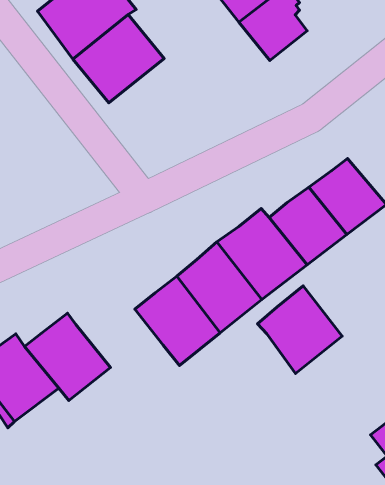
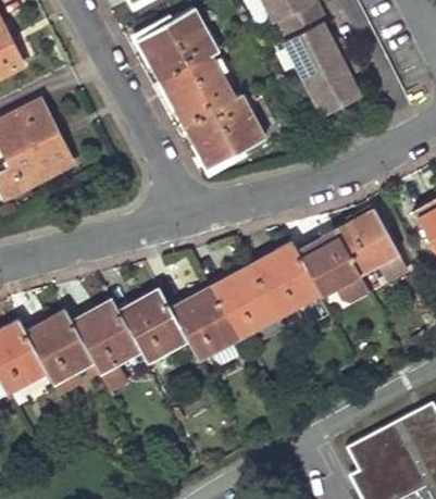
building: none -> [180,96,264,171]
building: [257,286,342,374] -> none
building: none -> [120,288,190,363]

